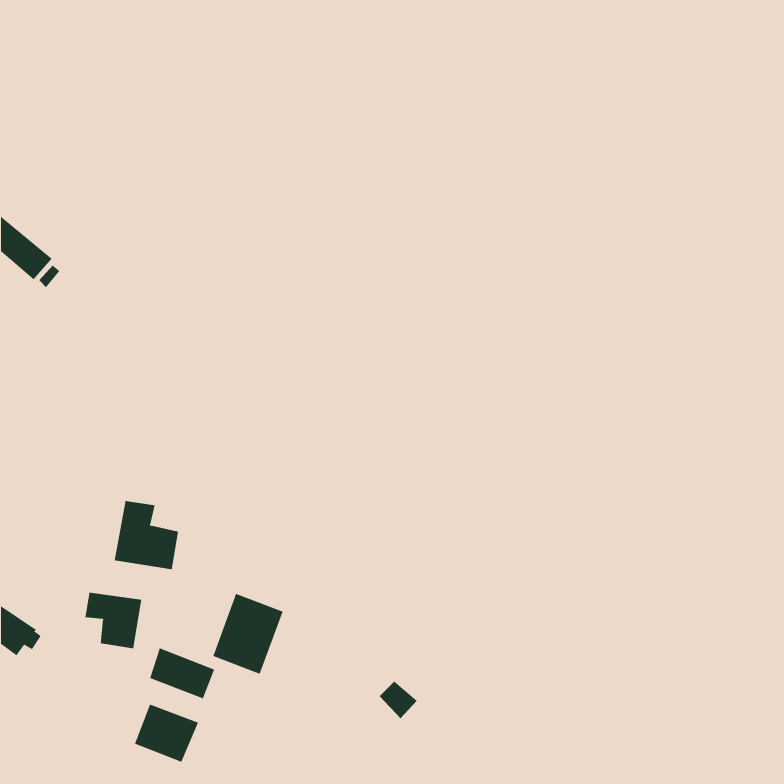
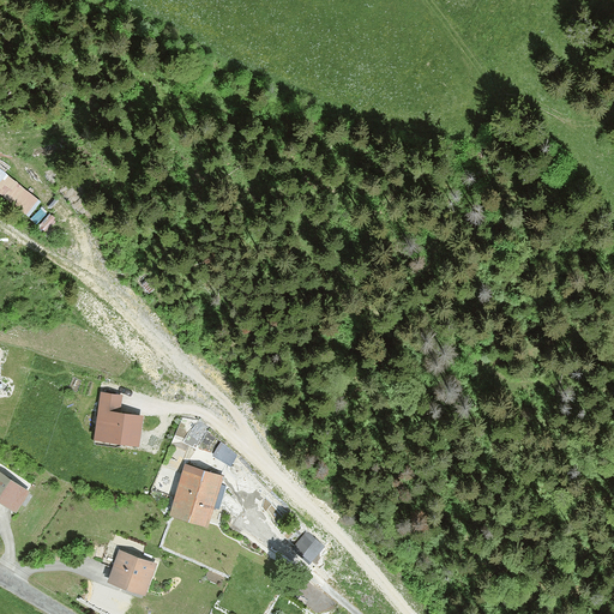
building: [85,592,142,649] -> none
building: [149,647,215,699] -> none

